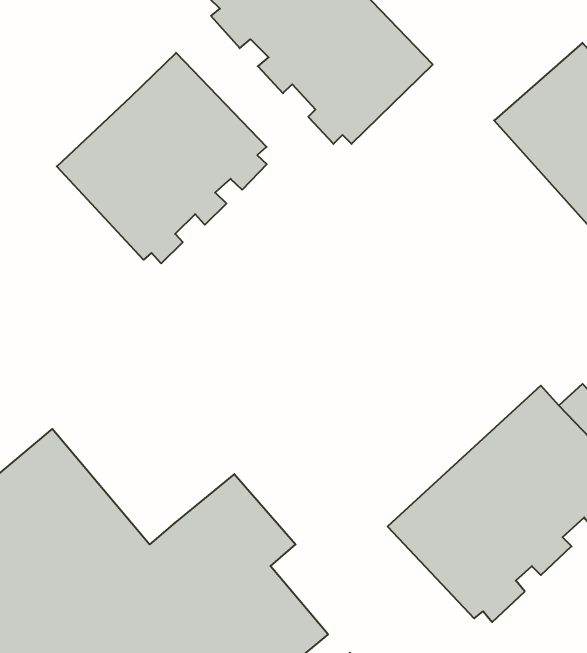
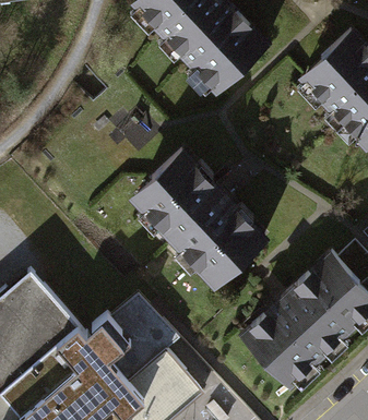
building: [57,53,267,263] -> none
building: none -> [132,147,272,291]

